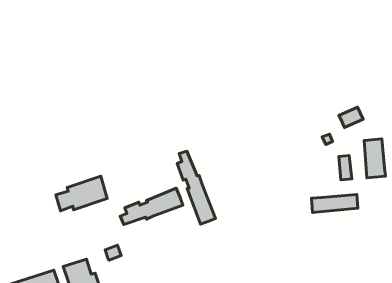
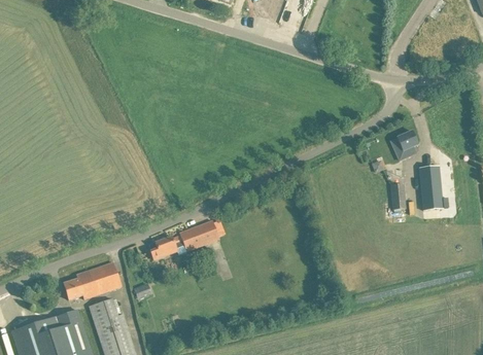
building: [177,151,216,224] -> none
building: [56,176,107,211] -> [64,261,120,299]
building: [311,194,358,213] -> none

